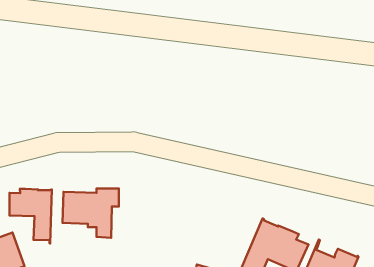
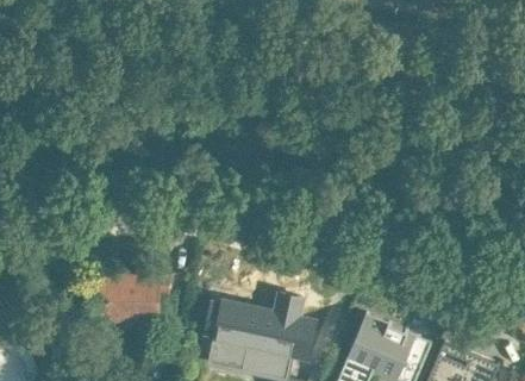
building: [9,189,52,243] -> none
building: none -> [206,294,315,370]

